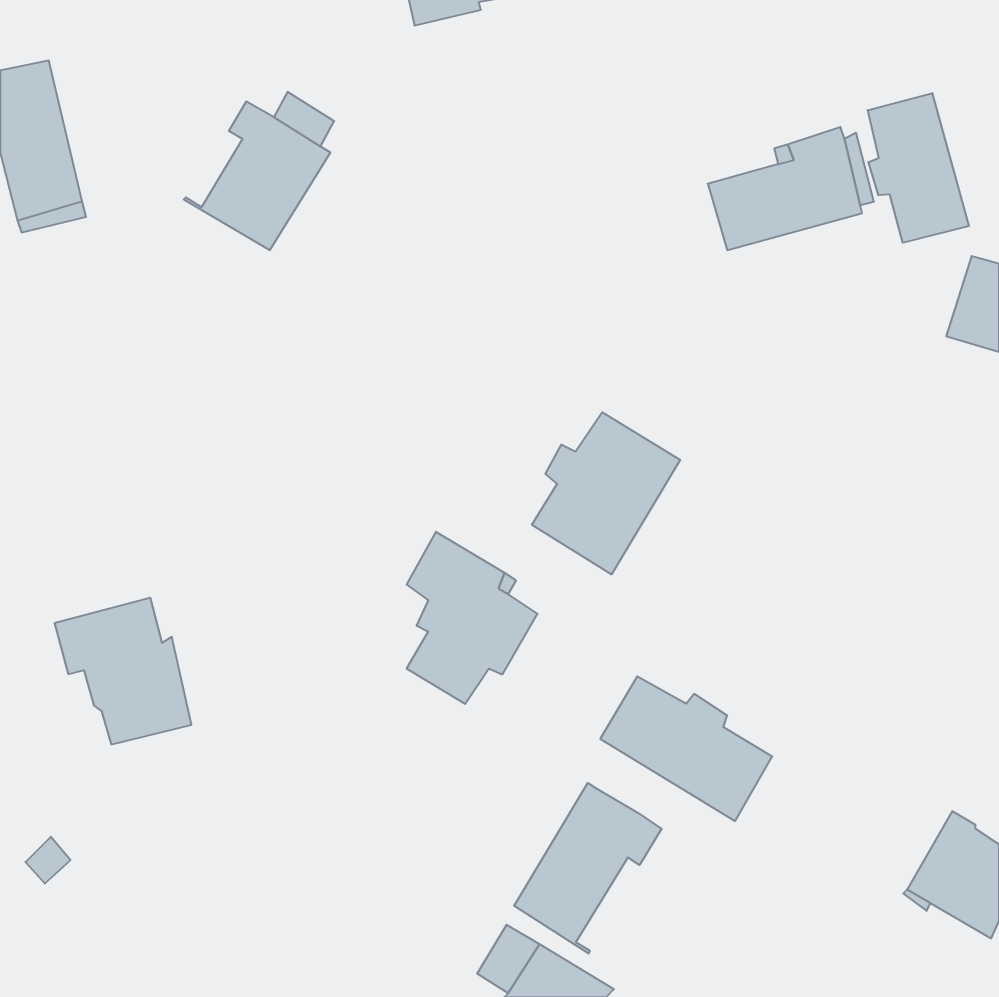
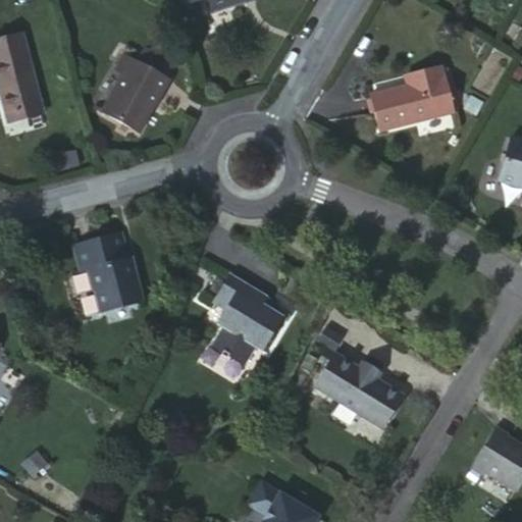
building: [868,93,969,243] -> none
building: [532,412,680,574] -> none
building: [55,598,191,744] -> [68,234,140,311]
building: [514,783,662,954] -> none

